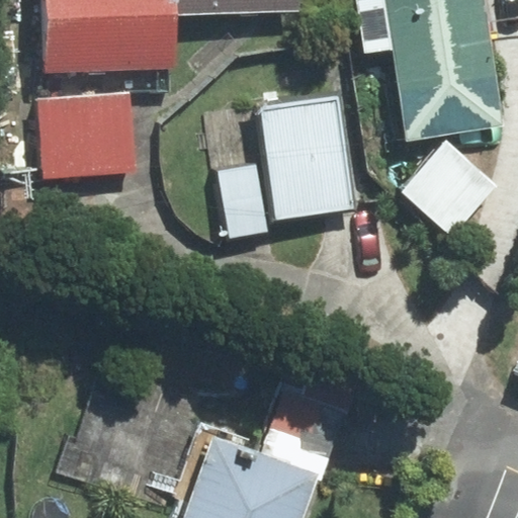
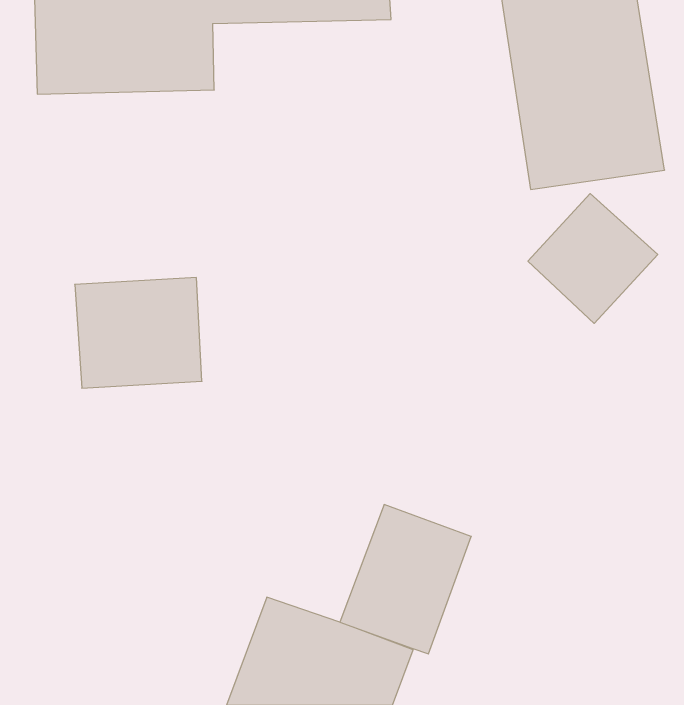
building: [42,96,136,177] -> [75,278,202,388]
building: [227,100,352,237] -> none

